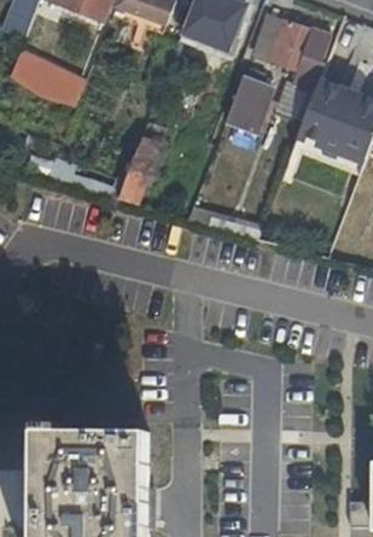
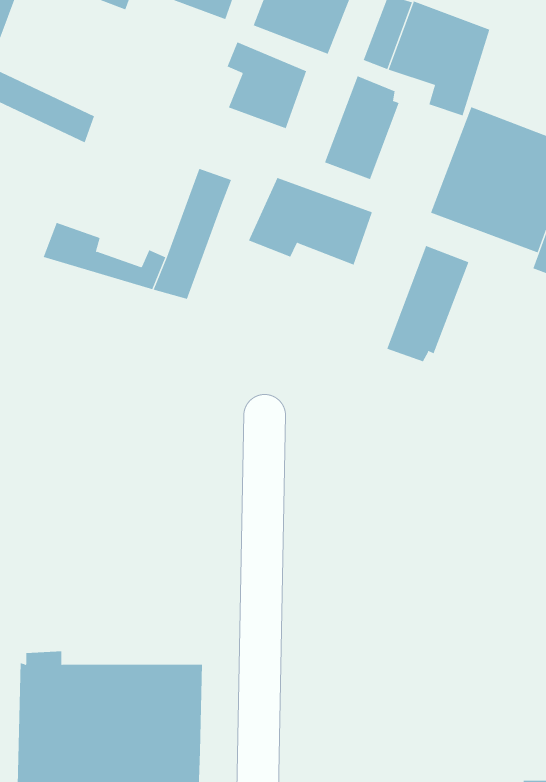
building: none -> [227,41,307,129]
building: none -> [248,177,374,265]
building: none -> [386,245,469,362]

